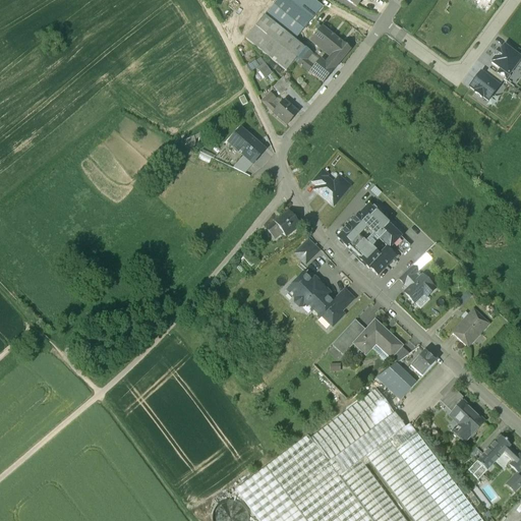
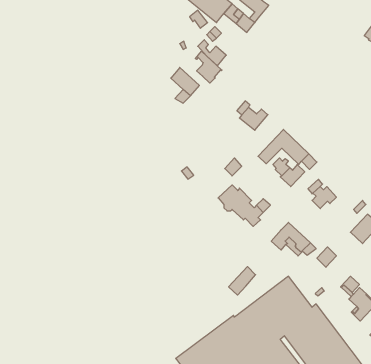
building: none -> [195,51,222,83]
building: [267,211,299,238] -> none
building: [333,319,366,354] -> [229,267,256,295]
building: [378,363,416,399] -> none

